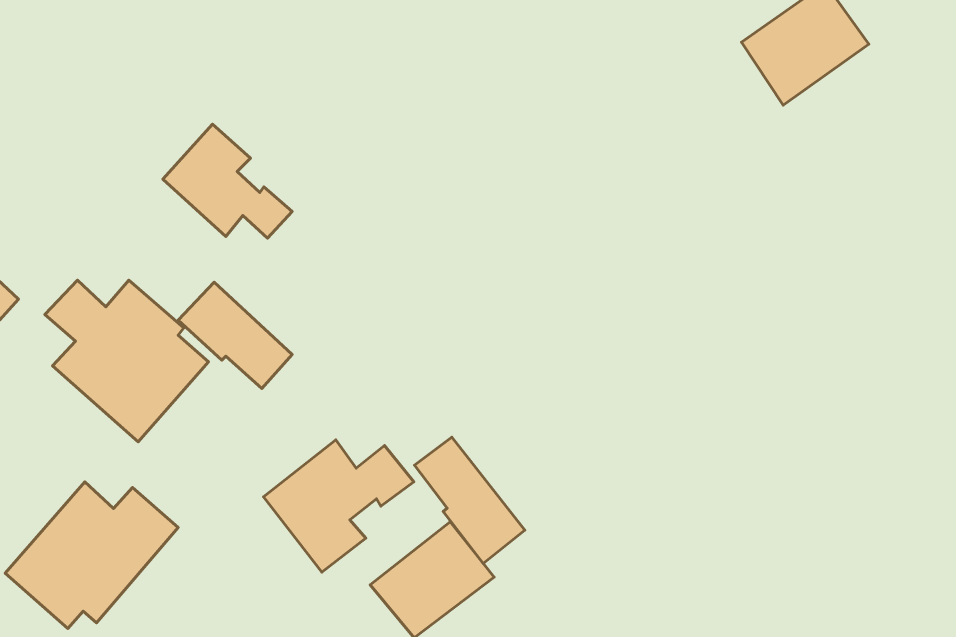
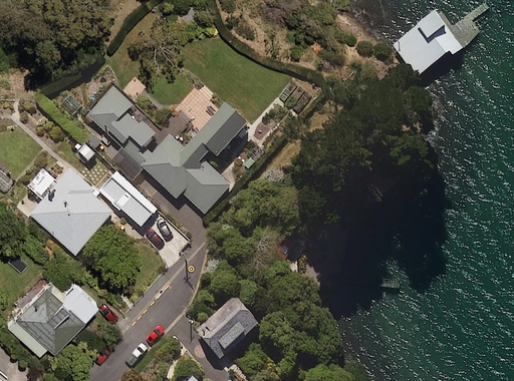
building: none -> [141,105,248,214]
building: [415,437,525,564] -> none
building: [263,440,414,572] -> none

